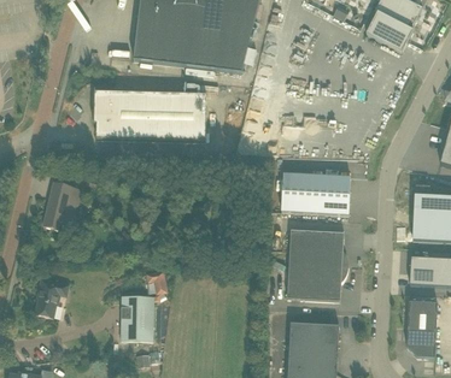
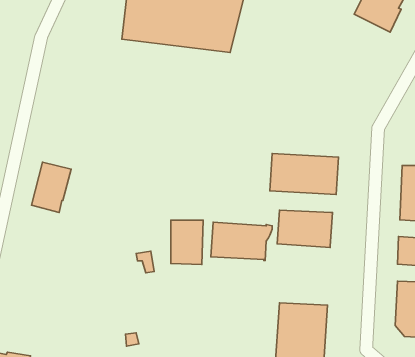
building: [92,91,206,141] -> none
building: [286,264,347,302] -> [211,222,272,261]
building: [35,278,68,318] -> none
building: [121,296,153,341] -> [171,220,203,265]

